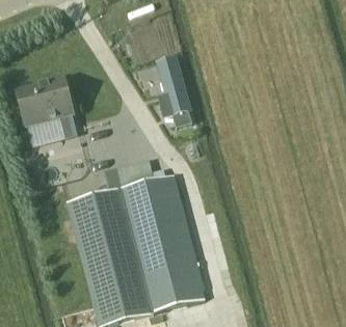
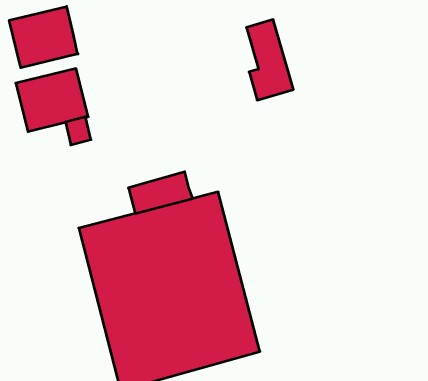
building: none -> [9,6,78,68]
building: [155,57,191,119] -> [246,20,293,100]

